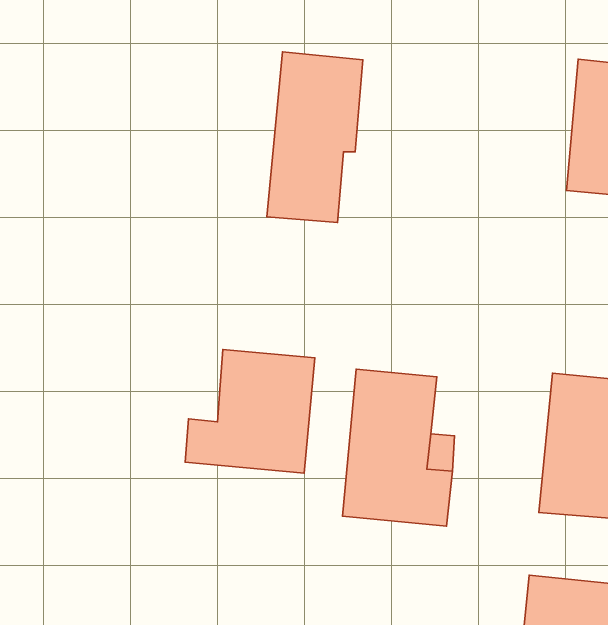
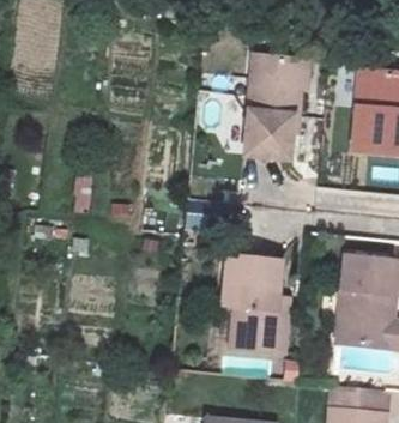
building: [267,52,363,223] -> [243,56,302,161]
building: [185,349,315,473] -> none

